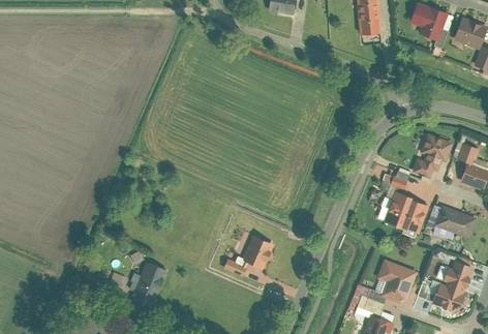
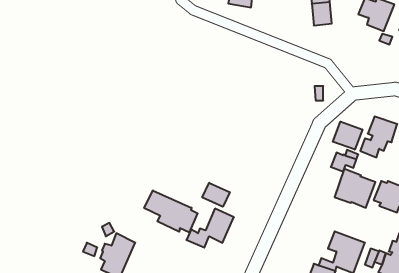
building: none -> [333,122,362,150]
building: none -> [202,183,230,207]
building: none -> [144,190,198,233]

